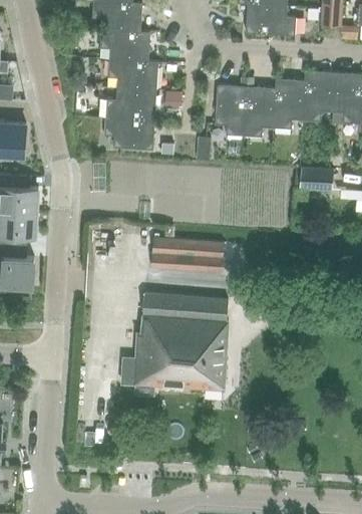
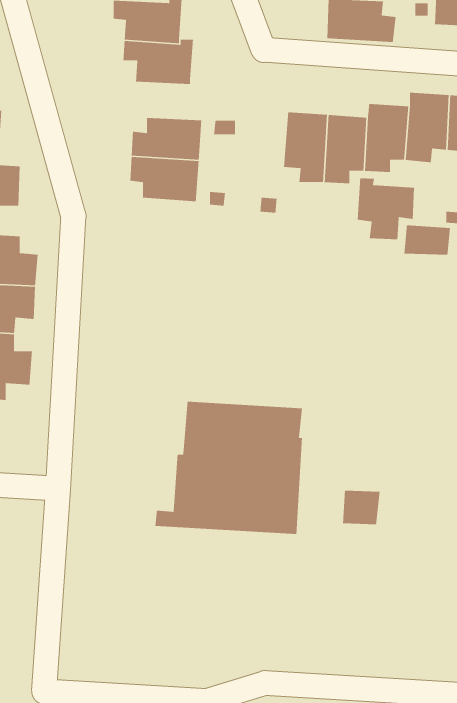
building: [107,62,158,91] -> none
building: none -> [357,177,415,240]
building: [151,238,225,272] -> none
building: none -> [342,490,380,525]

